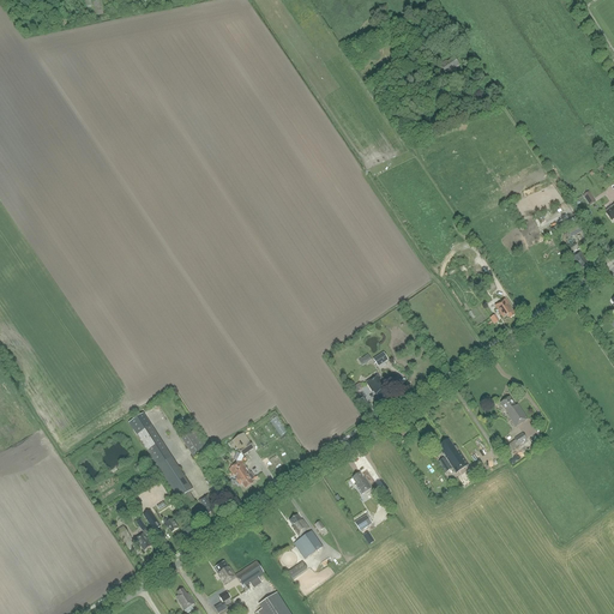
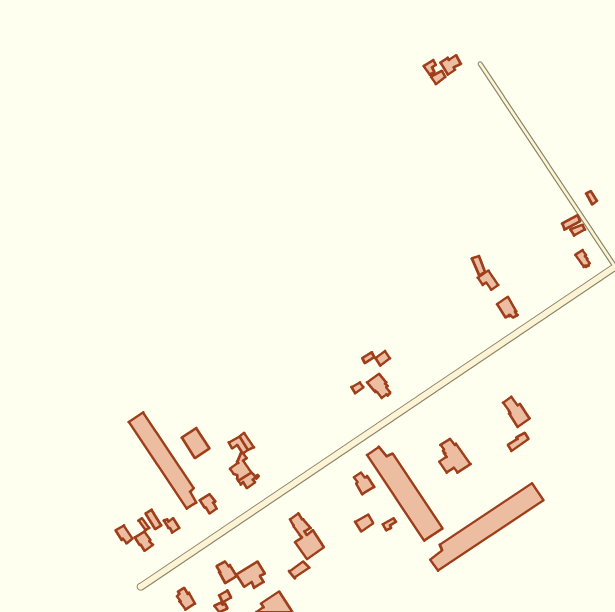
building: none -> [367,447,442,541]
building: none -> [430,483,543,571]

